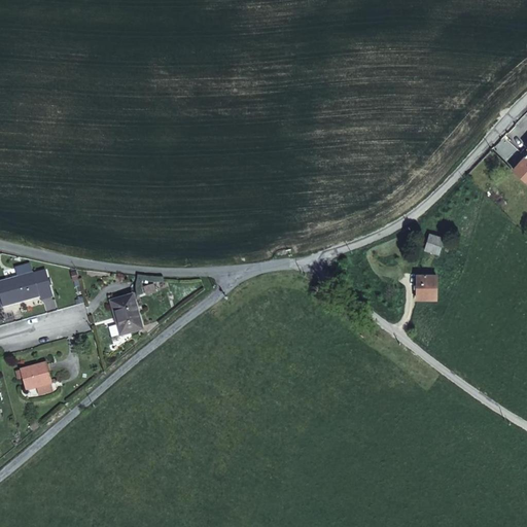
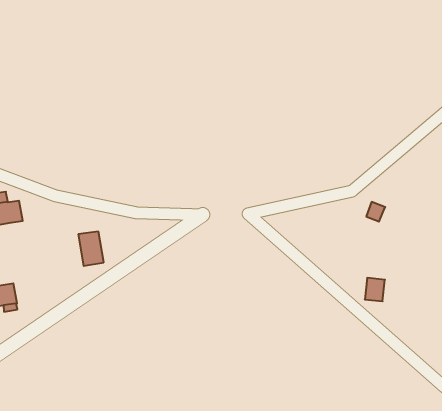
building: [418,276,437,300] -> [365,278,385,301]

